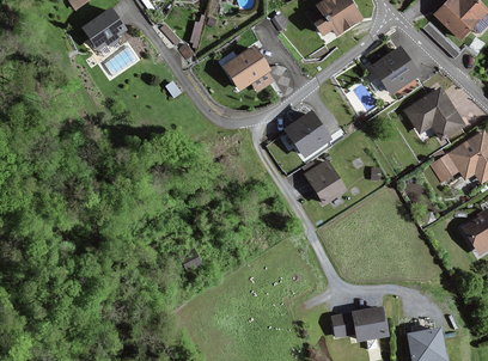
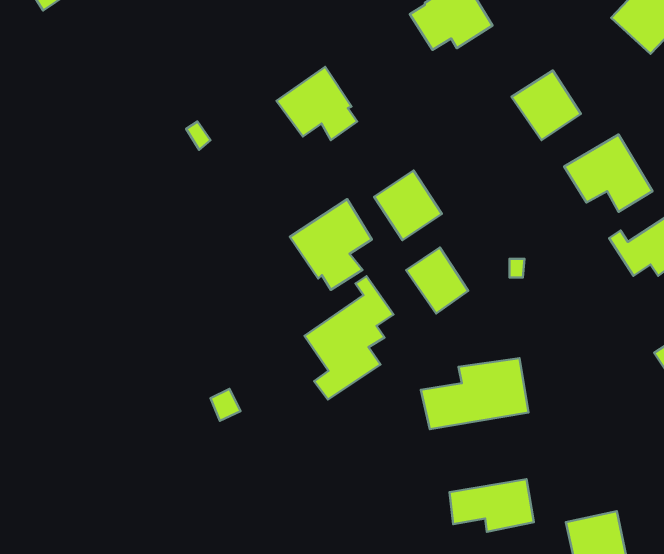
building: [81,8,124,49] -> none
building: none -> [290,199,372,290]
building: none -> [305,276,393,400]
building: none -> [421,358,528,429]

